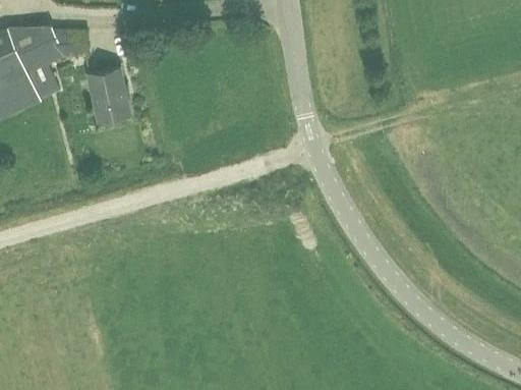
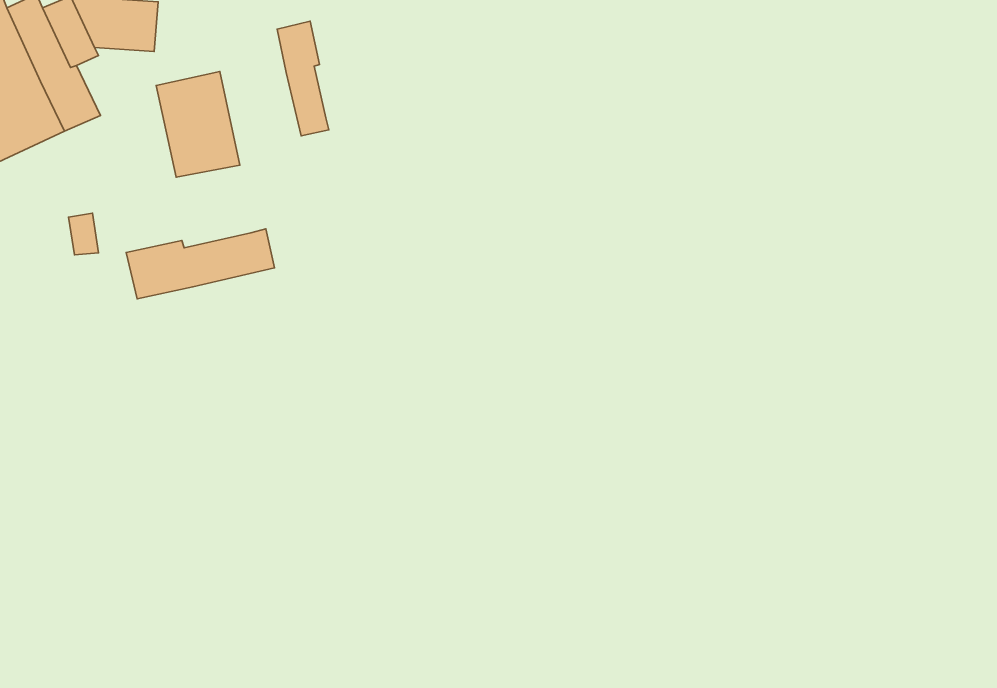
building: none -> [277,21,329,136]
building: none -> [126,229,275,299]

